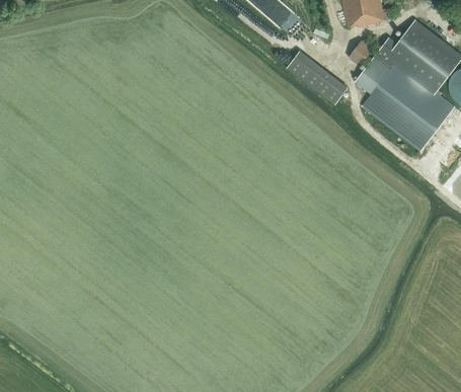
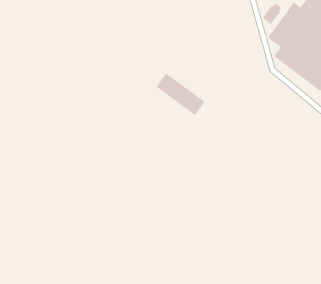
building: [287,54,350,108] -> [155,72,206,116]

